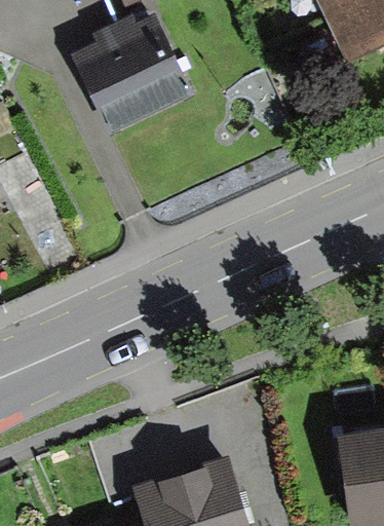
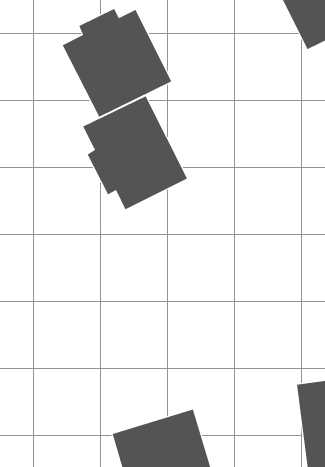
building: none -> [83,96,188,210]

